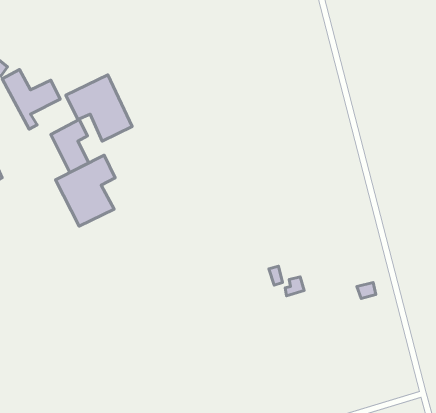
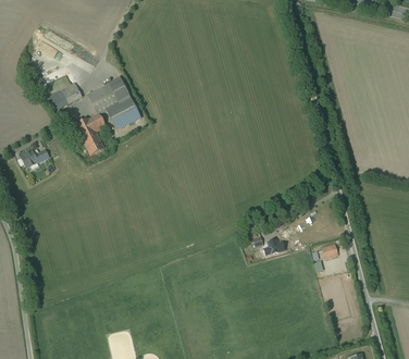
building: [55,155,115,226] -> none

